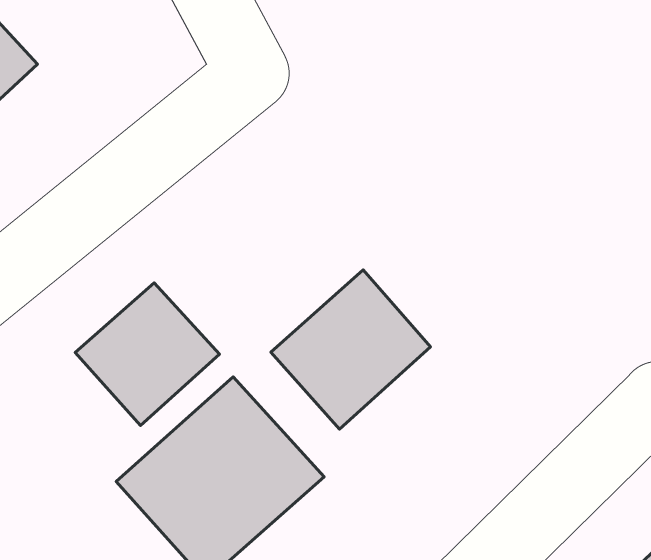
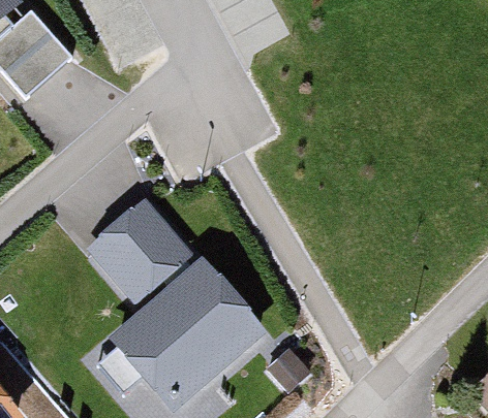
building: [271,270,430,429] -> none

